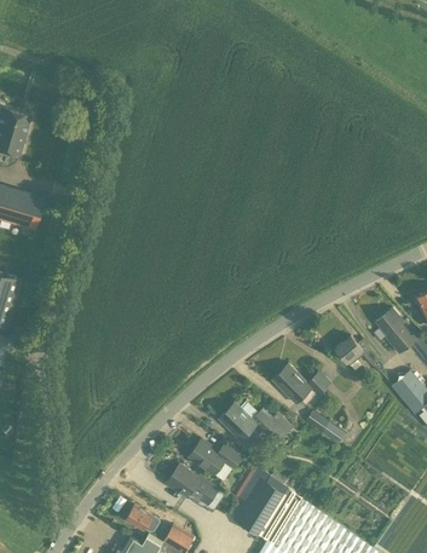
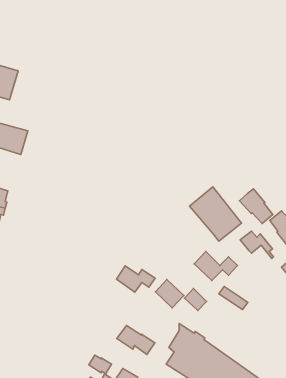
building: none -> [189,187,242,241]
building: none -> [240,189,273,223]
building: [189,439,242,476] -> [116,266,155,292]

